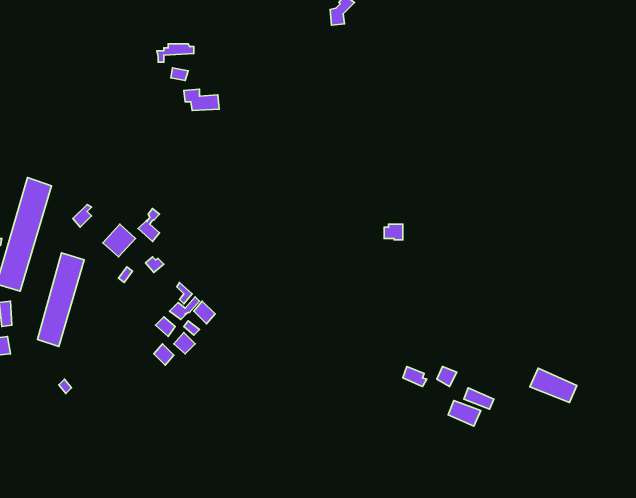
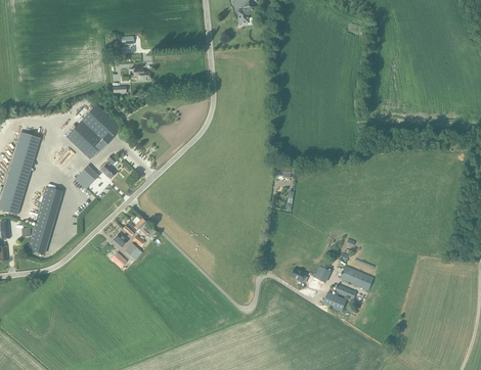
building: none -> [68,103,121,156]
building: [530,368,577,402] -> [341,264,375,288]

